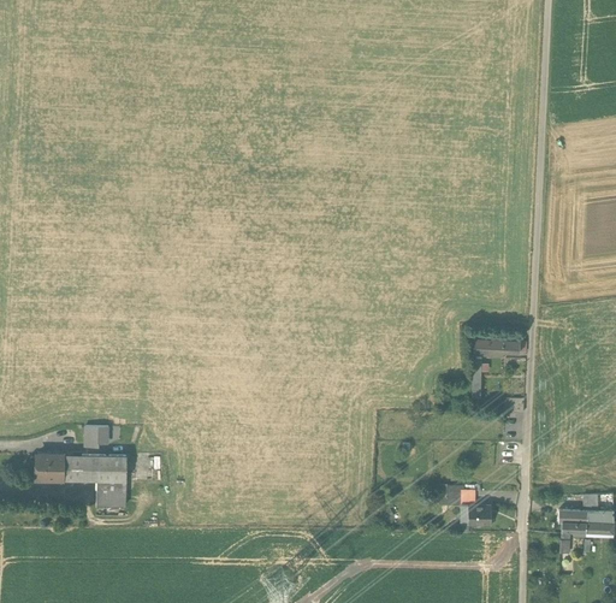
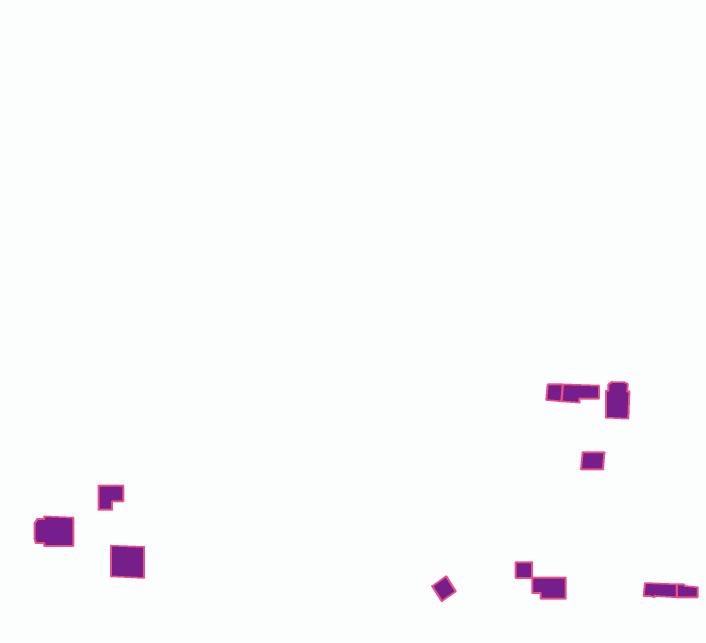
building: none -> [606,382,629,419]
building: [65,455,128,480] -> none

